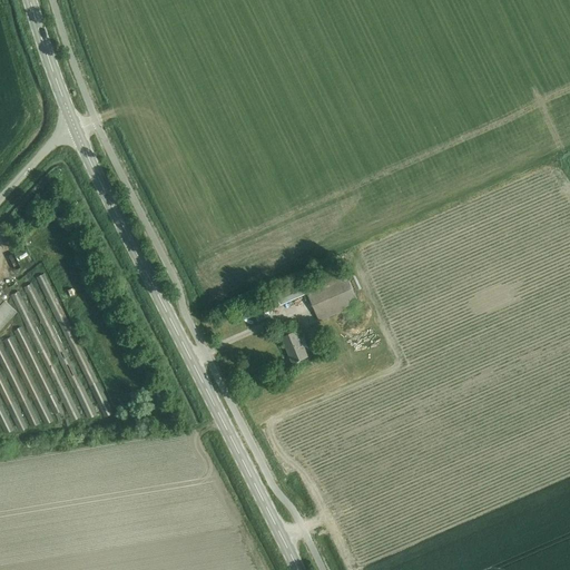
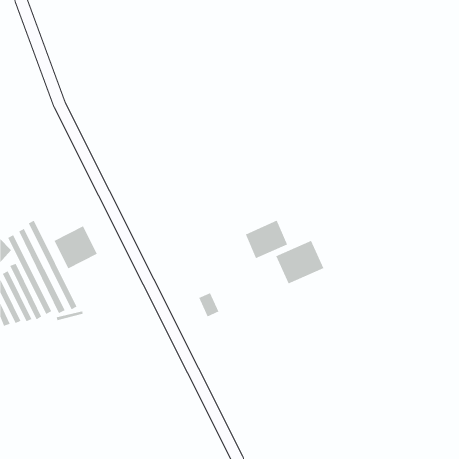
building: none -> [53,225,98,269]
building: none -> [275,240,325,285]
building: [278,330,305,361] -> [198,292,220,317]

